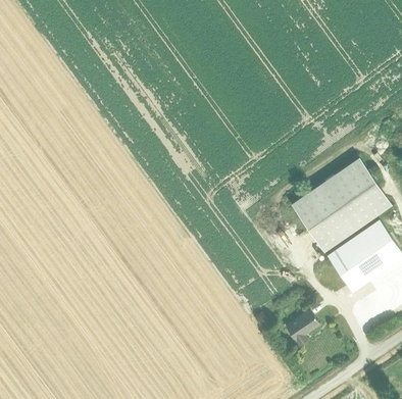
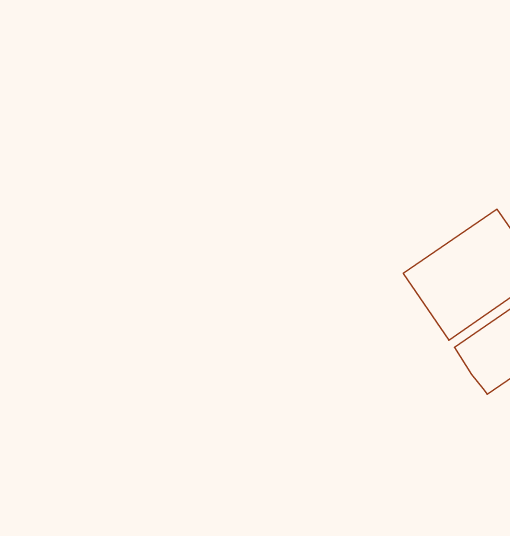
building: [287,311,319,346] -> none

